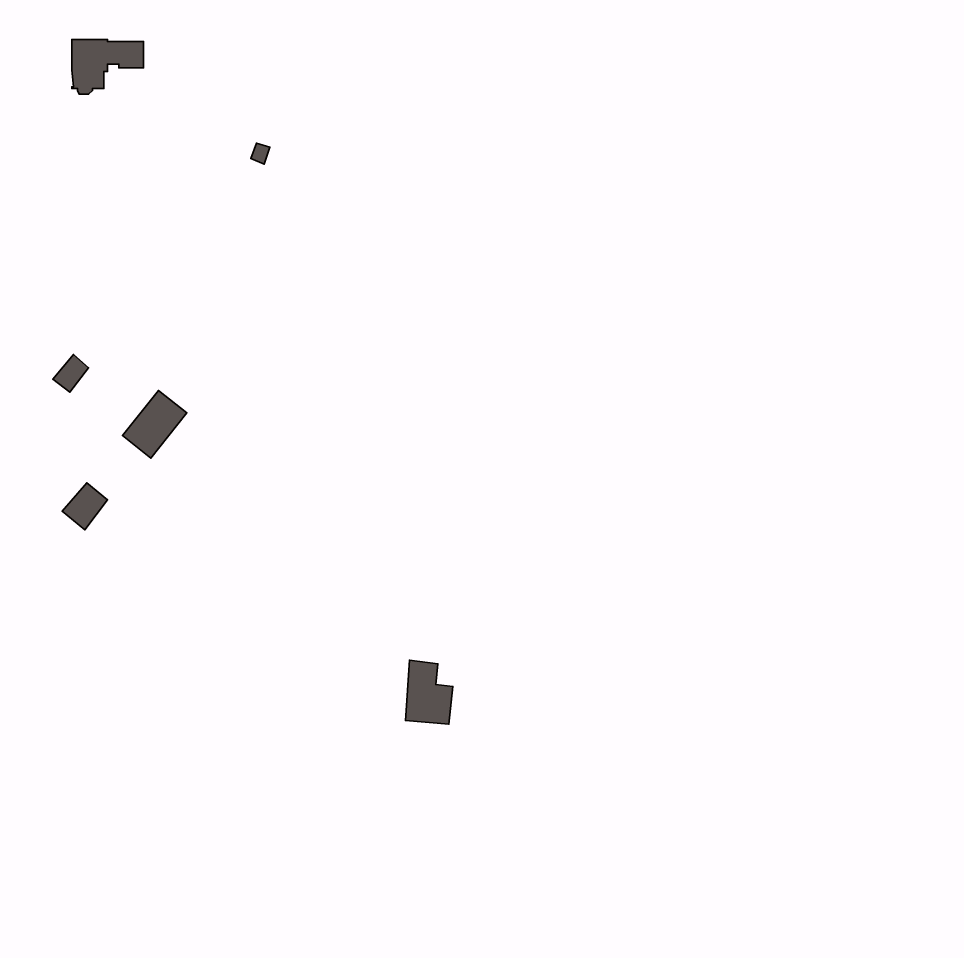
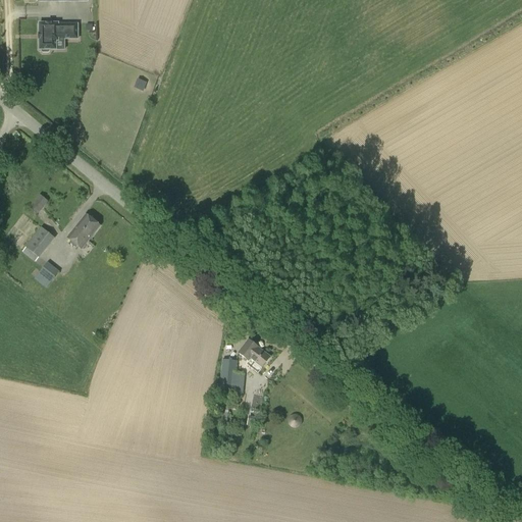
building: none -> [25,225,55,256]
building: none -> [237,336,270,371]

